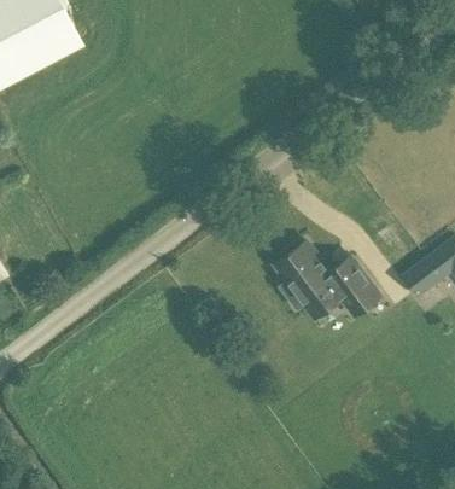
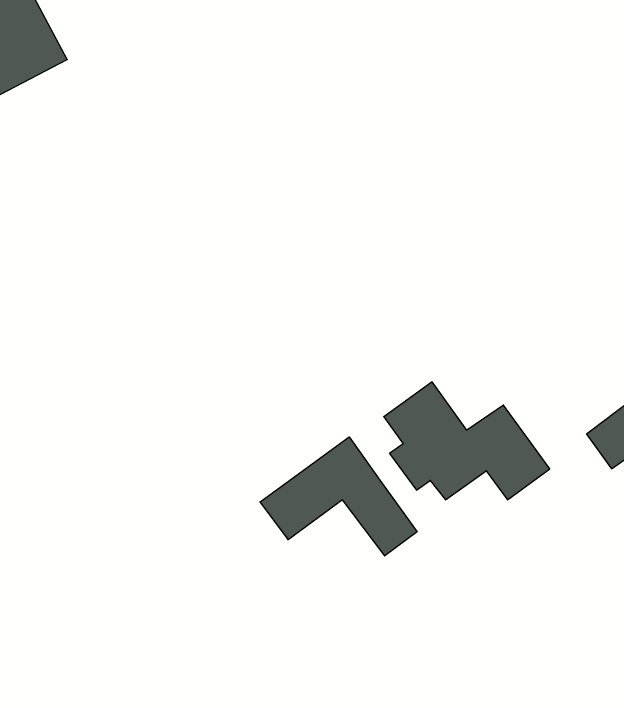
building: none -> [260,437,417,556]

